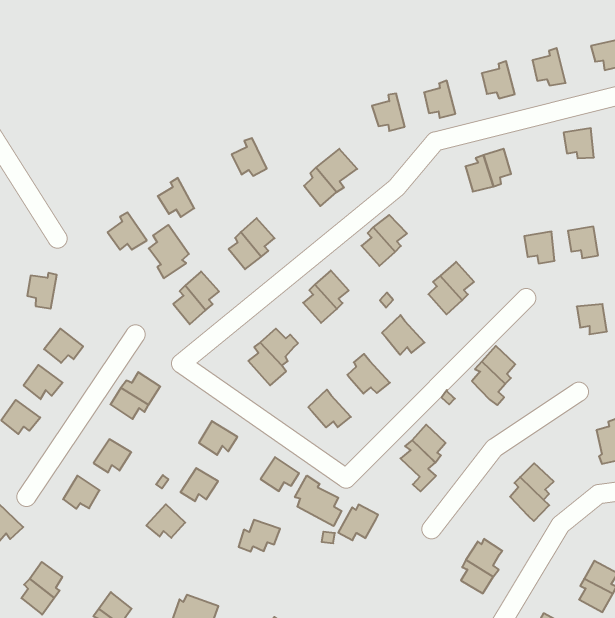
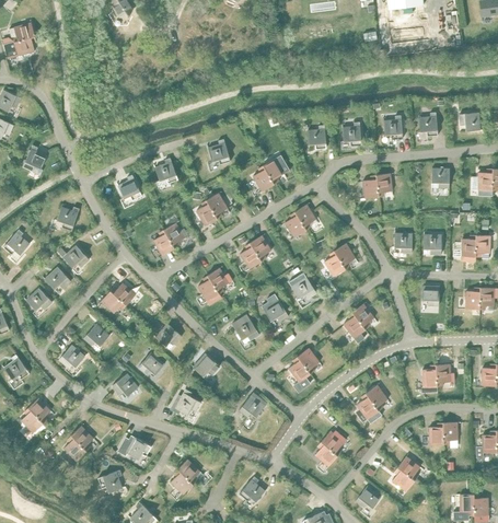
building: [149,225,189,278] -> none
building: [295,476,342,526] -> none

